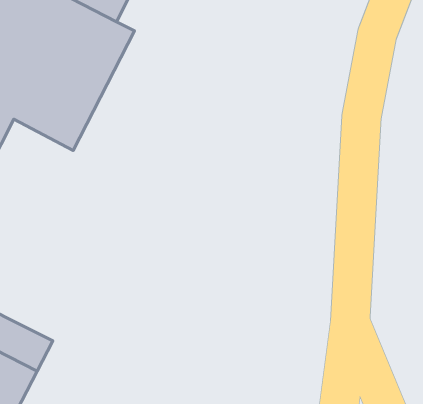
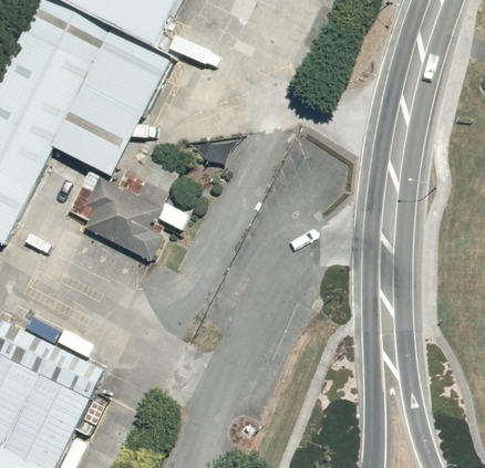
building: none -> [71,174,169,264]

